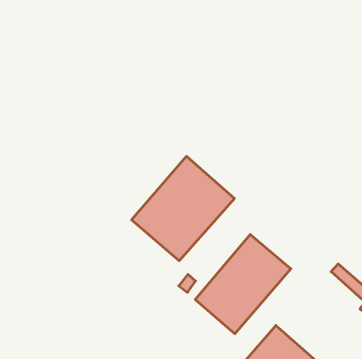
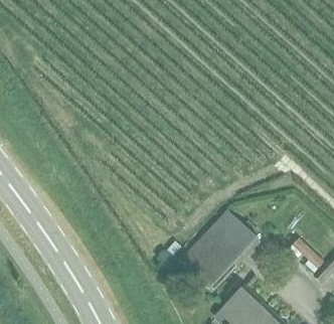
building: [132,156,234,261] -> none

